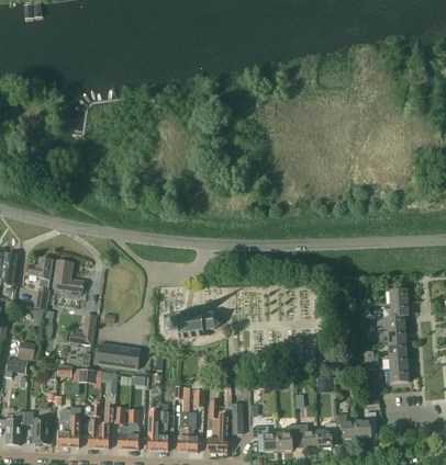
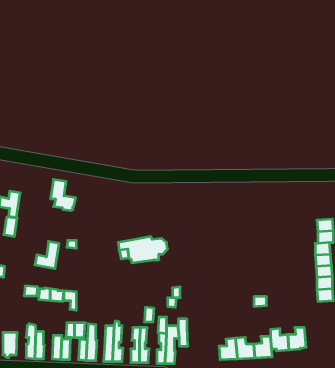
building: [55,261,83,296] -> [51,179,76,210]
building: [97,344,141,370] -> none
building: [250,427,279,450] -> none

